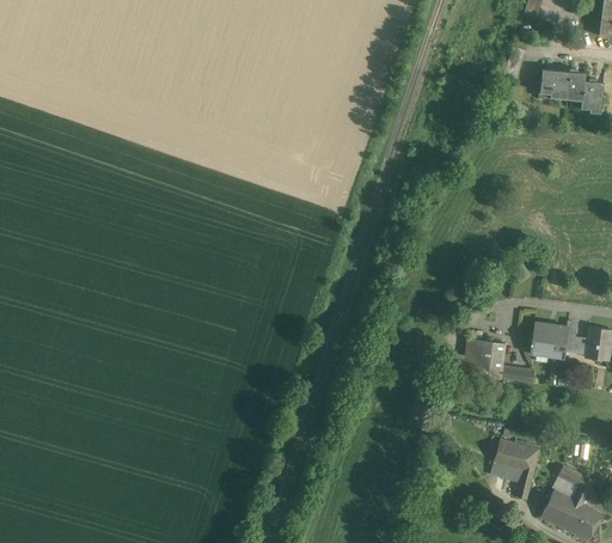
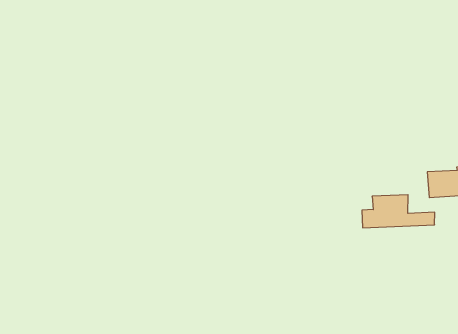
building: [491,439,540,486] -> none

